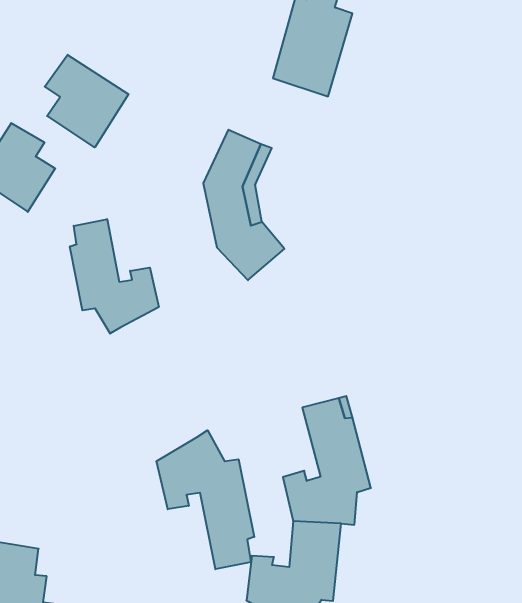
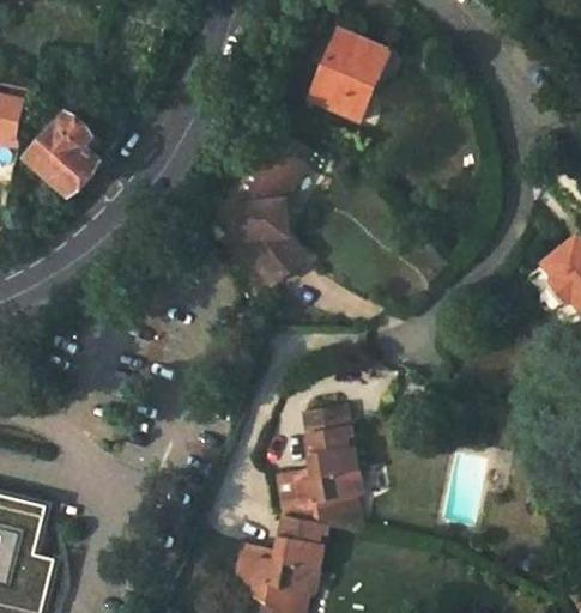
building: [45,55,128,147] -> none
building: [70,219,159,334] -> none
building: [157,430,254,569] -> none

